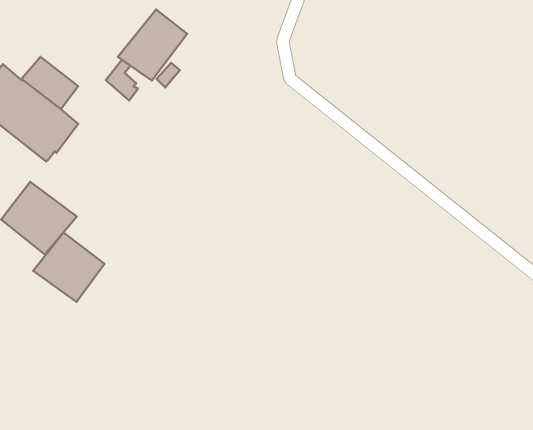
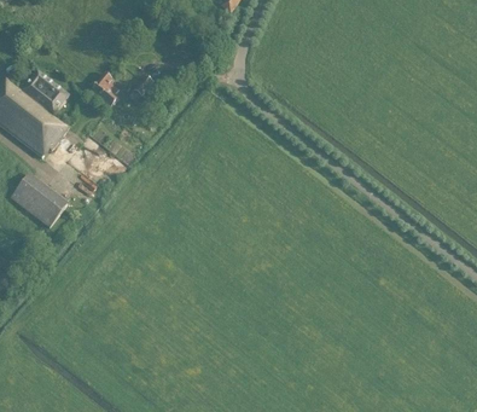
building: [118,9,187,80] -> none
building: [33,232,104,302] -> none

